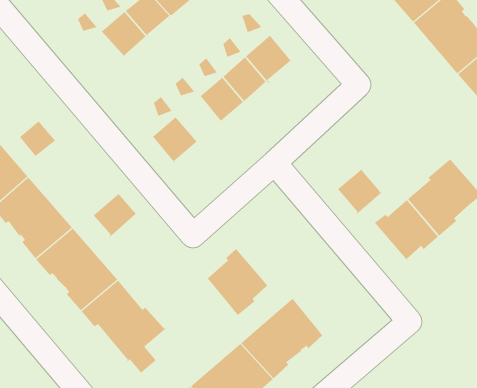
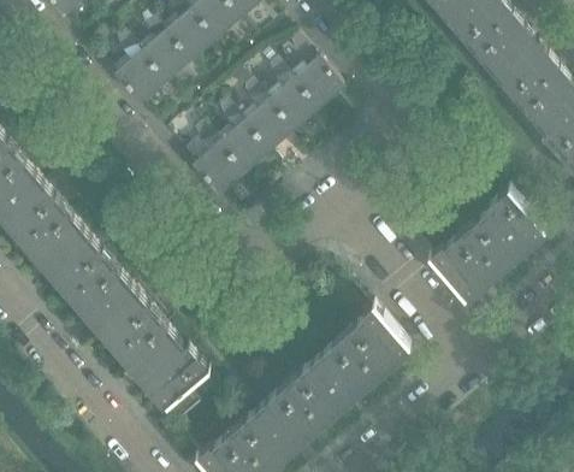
building: none -> [114,55,162,105]
building: none -> [218,124,265,175]
building: [19,120,56,158] -> none
building: [337,169,382,215] -> none
building: [93,193,137,238] -> none
building: [207,247,269,316] -> [342,305,408,378]

